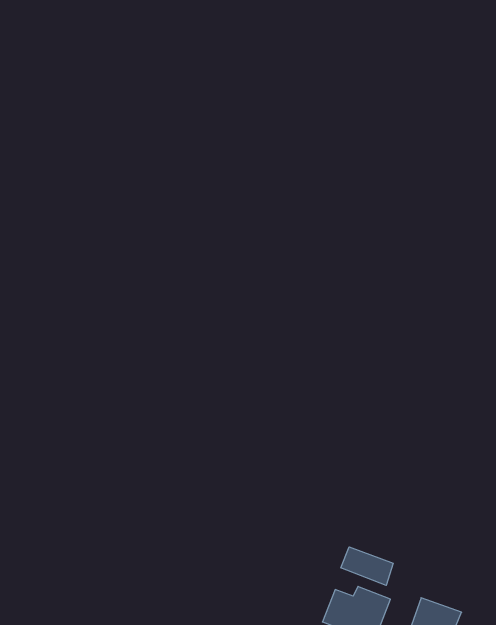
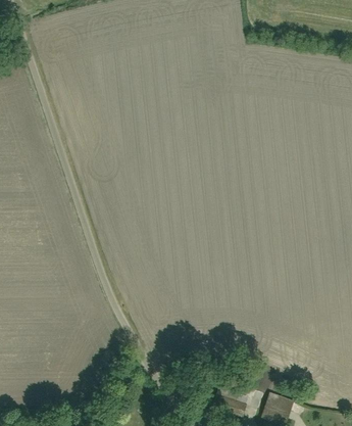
building: [341,547,393,585] -> none

